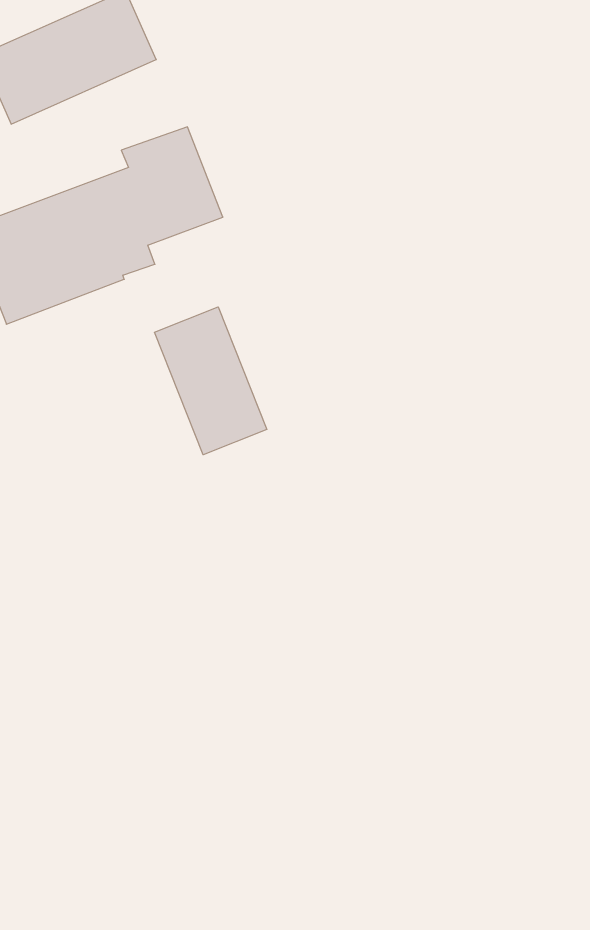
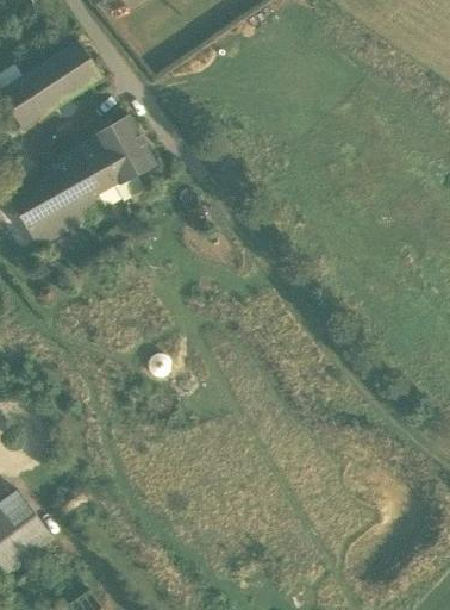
building: [155,307,267,455] -> none

